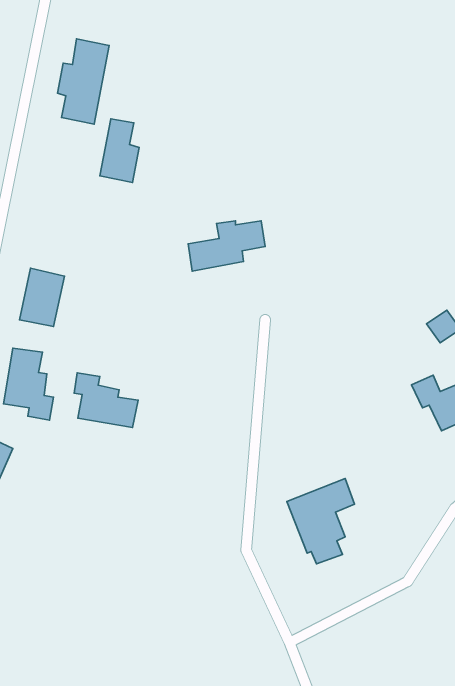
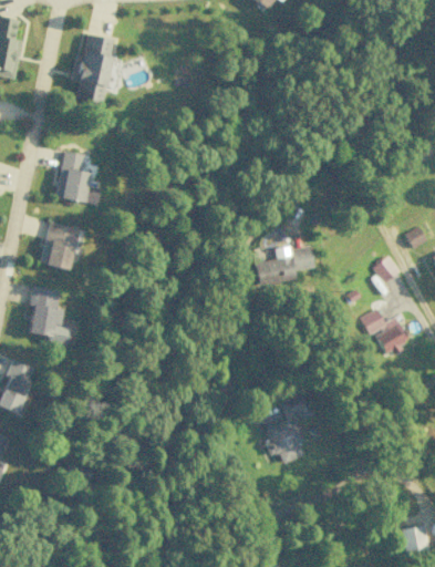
building: [100,119,139,183] -> [56,151,89,203]
building: [188,221,265,271] -> [251,246,314,287]
building: [74,373,138,428] -> none

